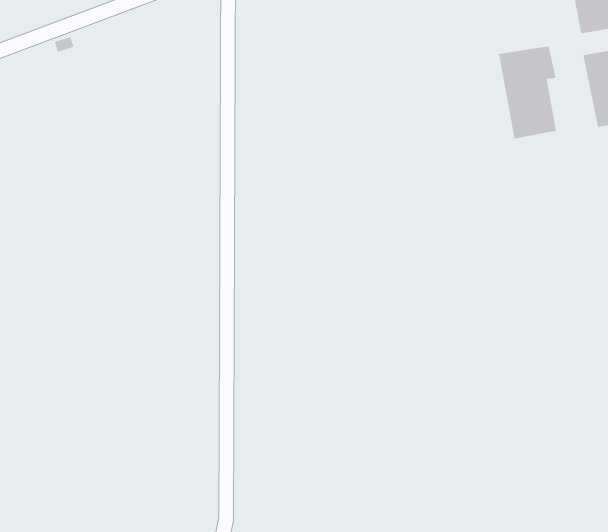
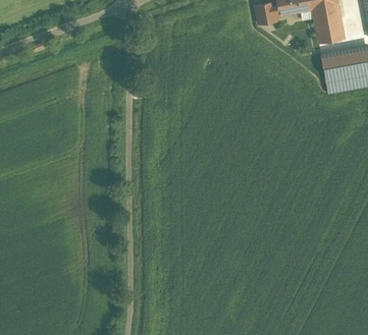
building: [498,45,557,139] -> none

